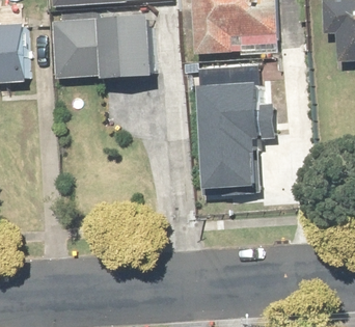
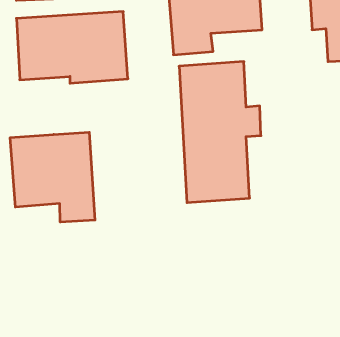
building: none -> [10,132,95,222]

